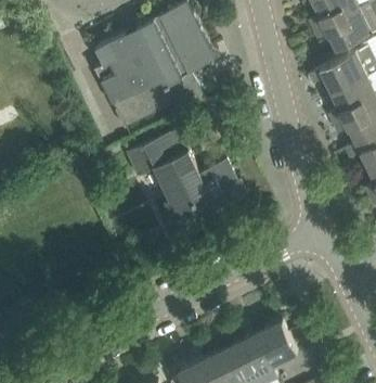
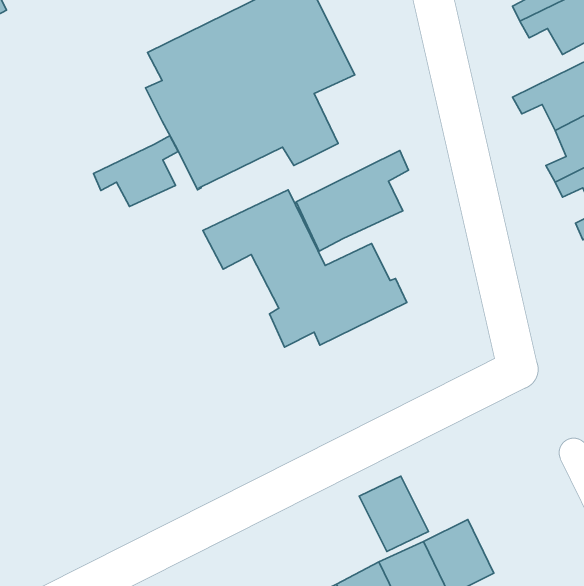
building: none -> [93,136,178,207]
building: none -> [296,150,409,251]
building: none -> [359,476,428,552]

